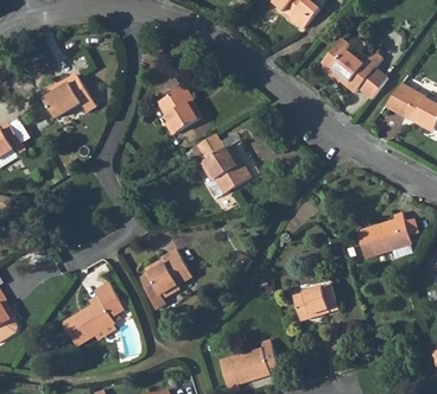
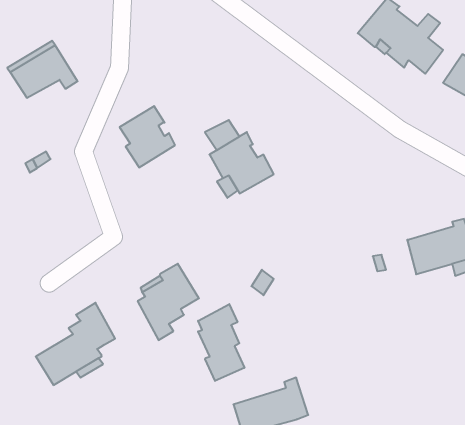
building: [157,85,201,134] -> [120,106,175,167]
building: none -> [198,304,244,381]
building: [292,284,337,320] -> none

